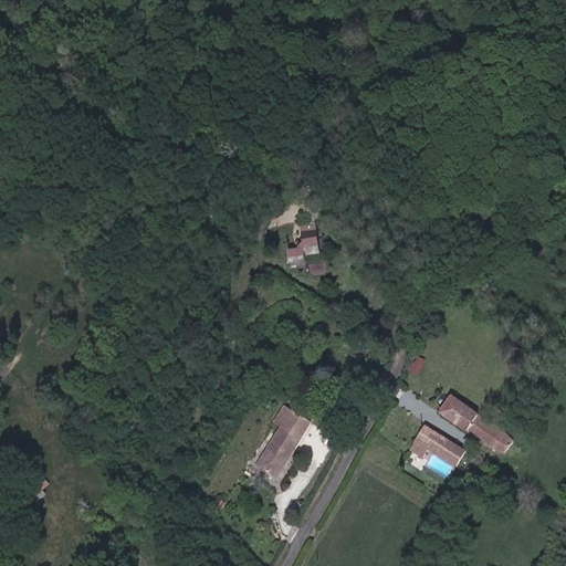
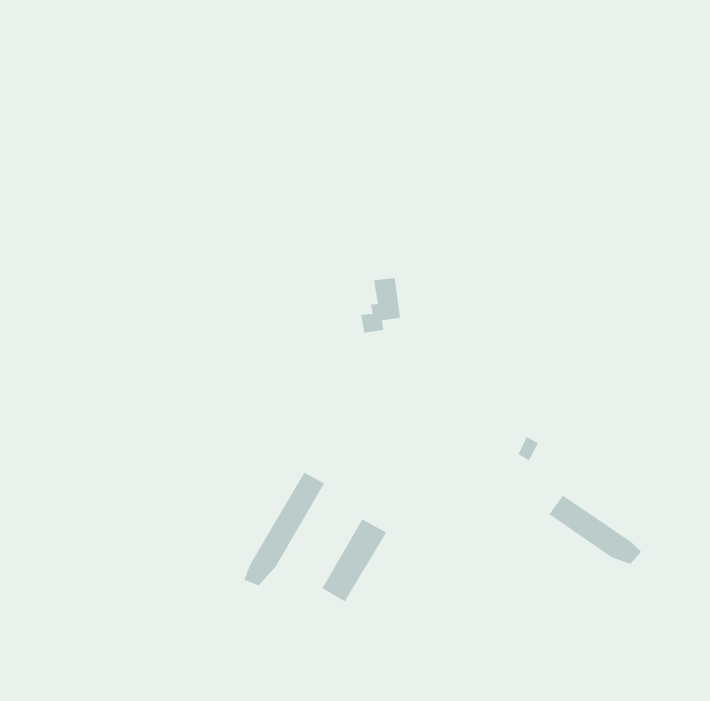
building: none -> [243,472,325,586]
building: [408,423,461,469] -> none

